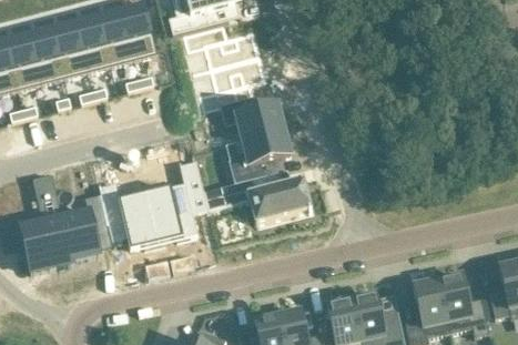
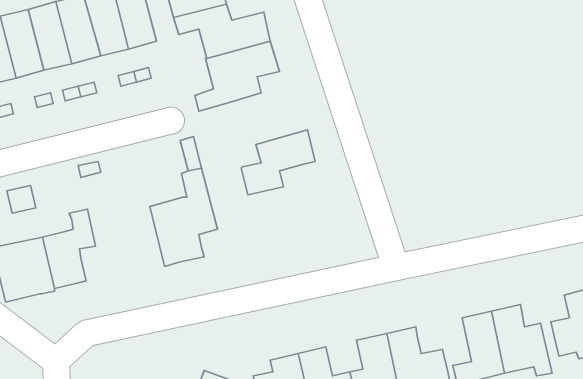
building: [221,95,285,140] -> none
building: [223,169,312,223] -> none
building: [100,182,165,251] -> none

